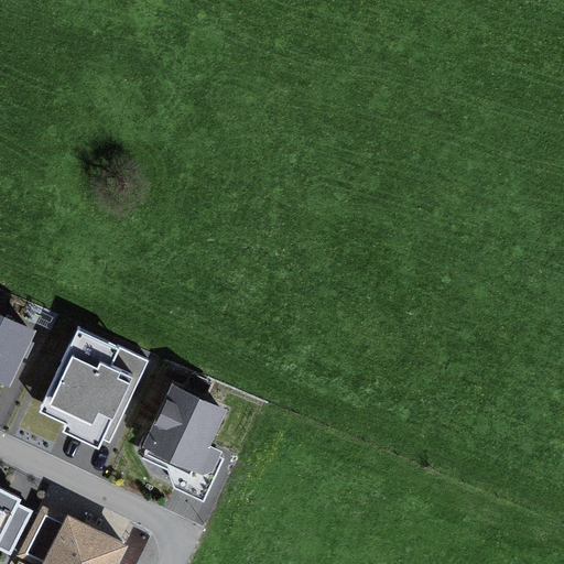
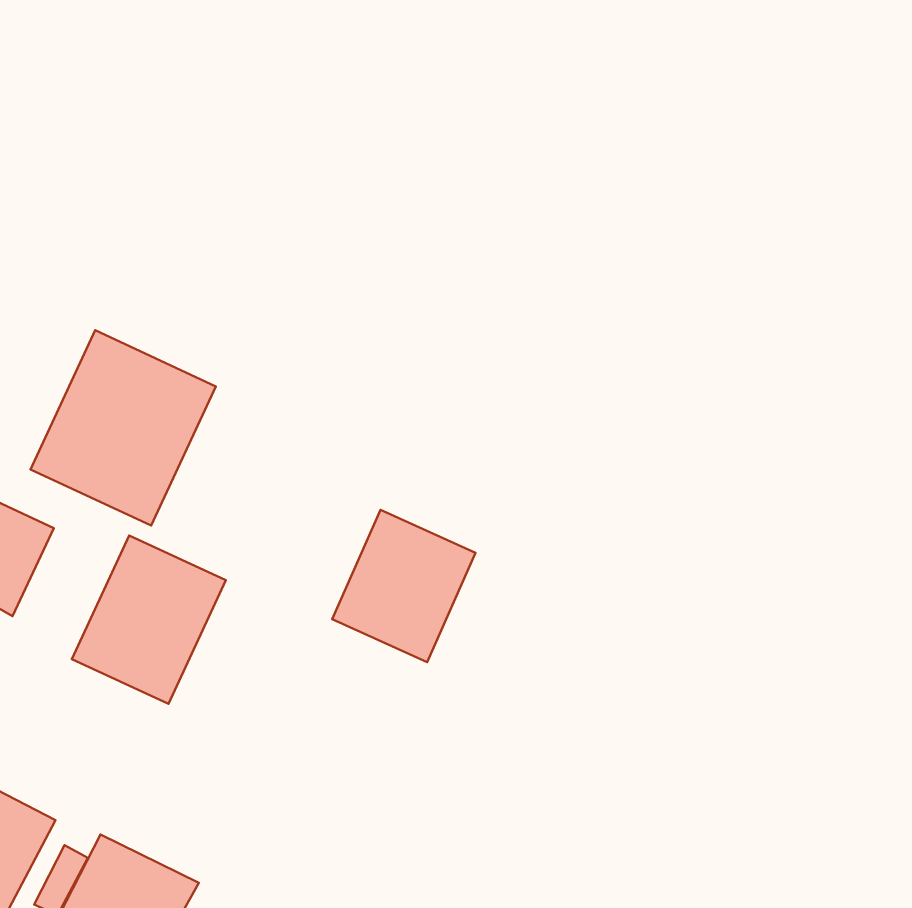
building: none -> [31,330,216,526]
building: [143,386,231,479] -> [332,510,476,662]

